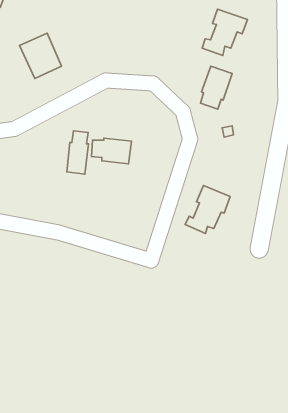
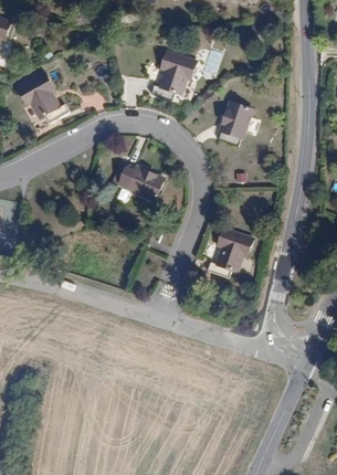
building: [202,9,247,55] -> [152,49,201,98]
building: [67,131,88,174] -> none

